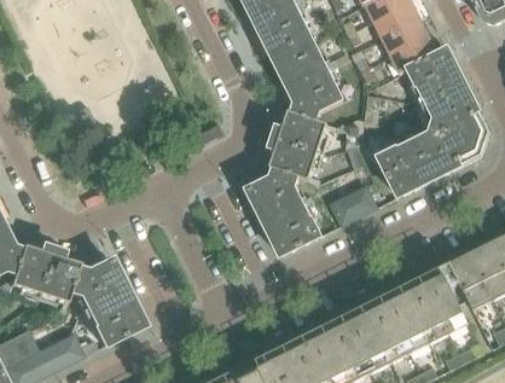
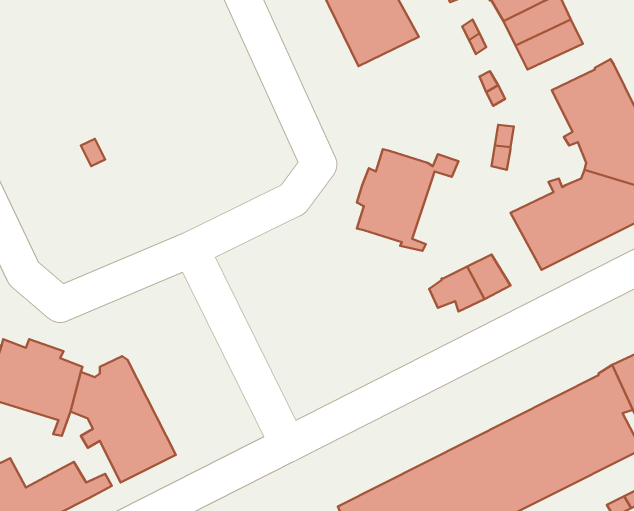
building: [269,31,354,120] -> none
building: [388,36,435,74] -> none
building: [246,167,324,254] -> none

